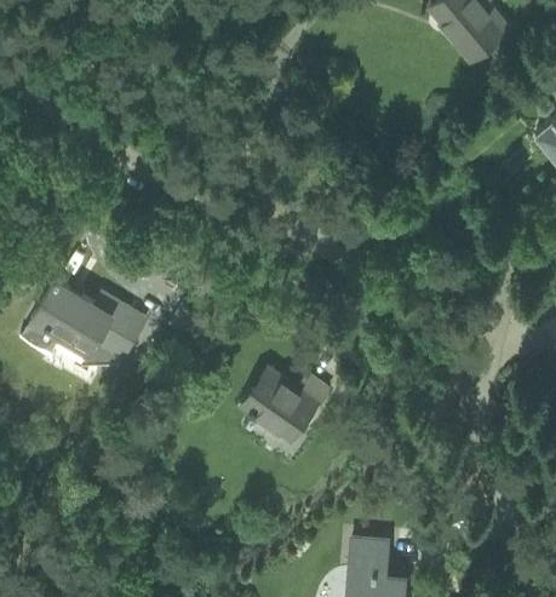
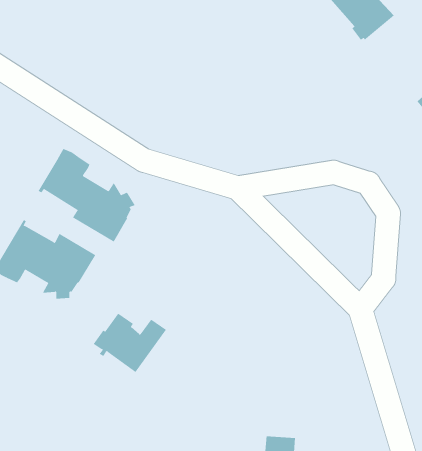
building: none -> [38,148,135,243]
building: [239,368,328,441] -> [93,313,167,373]

